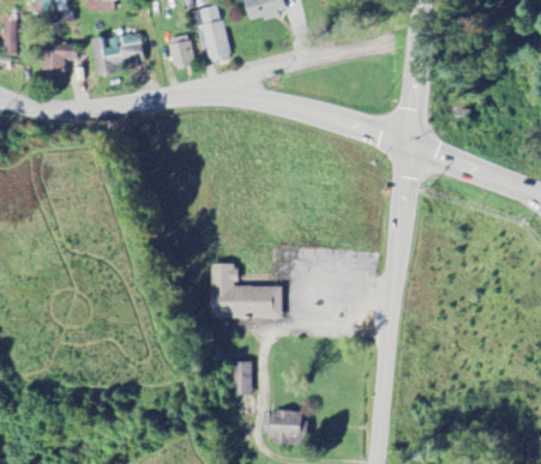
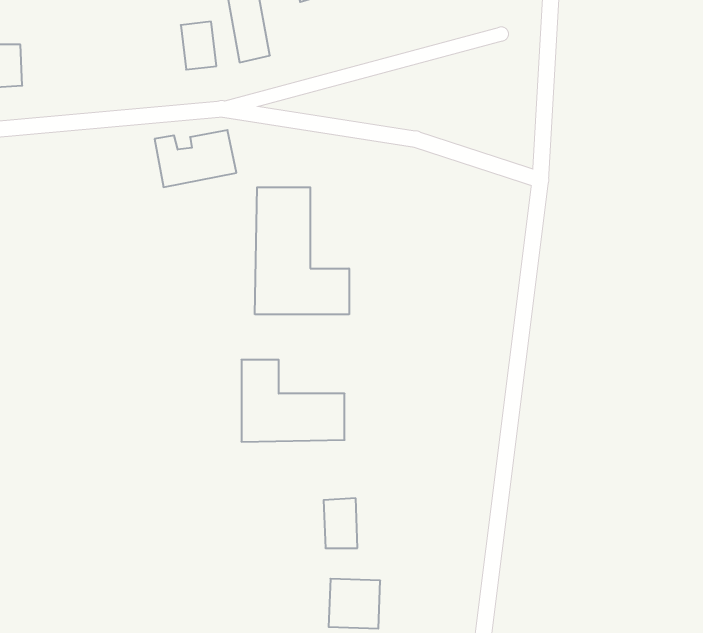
building: [91,34,146,72] -> [155,130,236,187]
building: none -> [255,187,349,314]
building: [230,361,253,394] -> [324,498,357,548]

